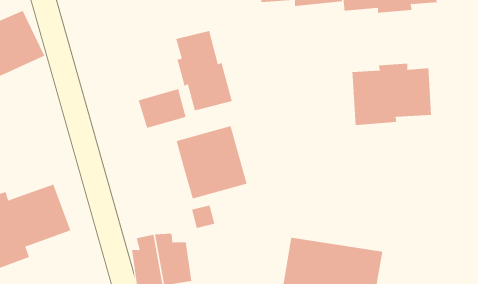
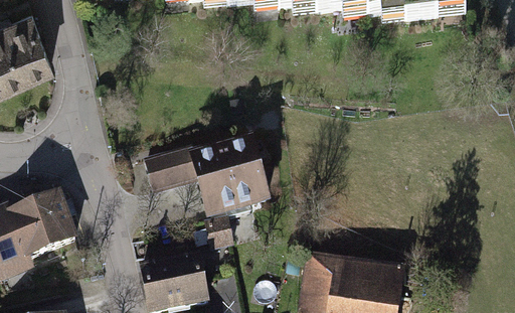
building: [176,30,233,111] -> none
building: [352,63,431,126] -> none
building: [138,89,186,129] -> [145,148,196,190]

